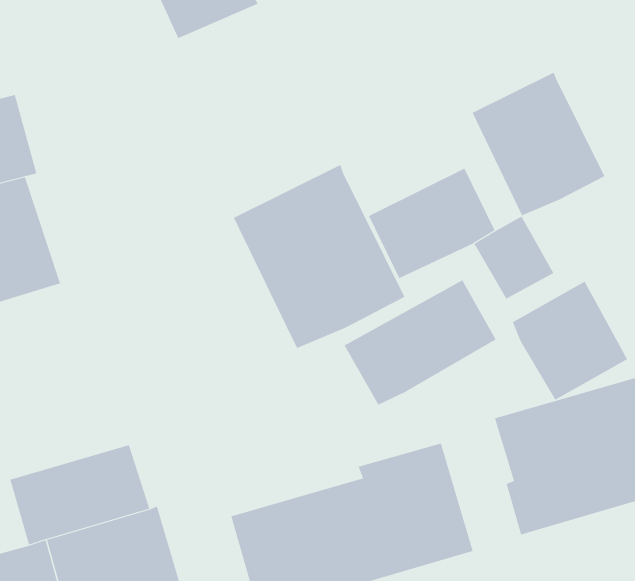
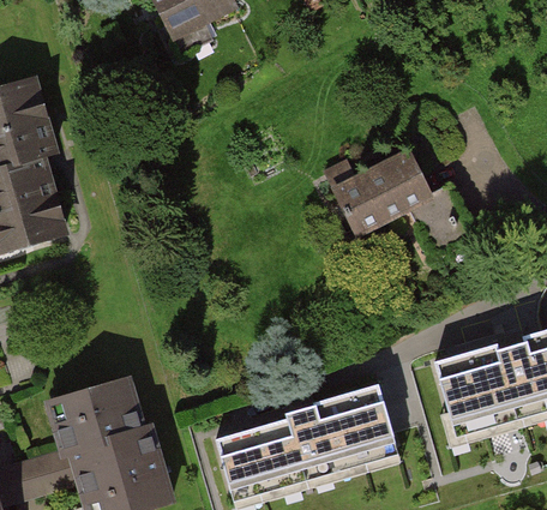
building: [472,72,605,216] -> none
building: [233,164,405,349] -> none
building: [344,279,497,406] -> none
building: [512,281,628,401] -> none

